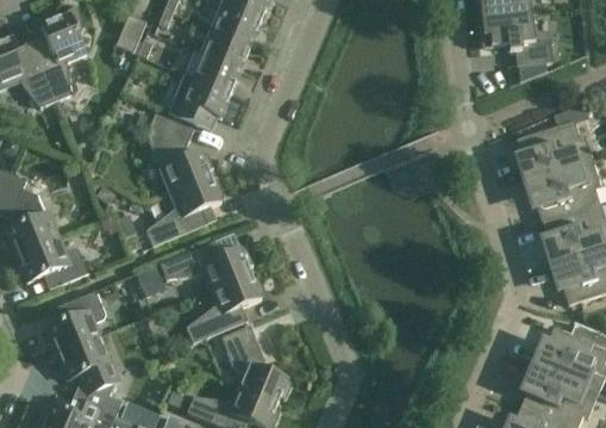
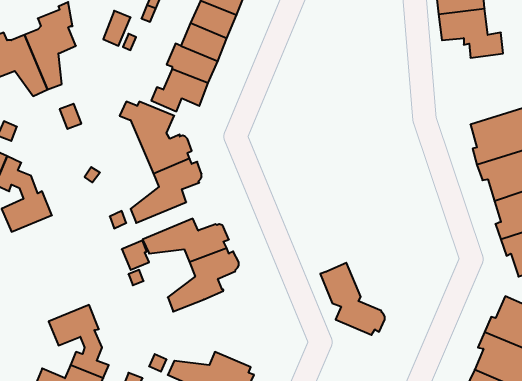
building: [15,237,88,285] -> none
building: [45,290,105,353] -> none
building: [220,324,290,403] -> [320,263,385,335]

